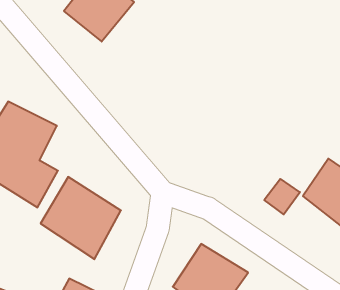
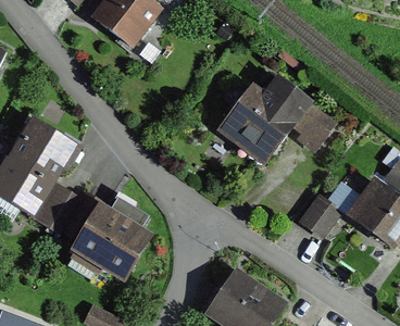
building: none -> [216,73,338,167]

